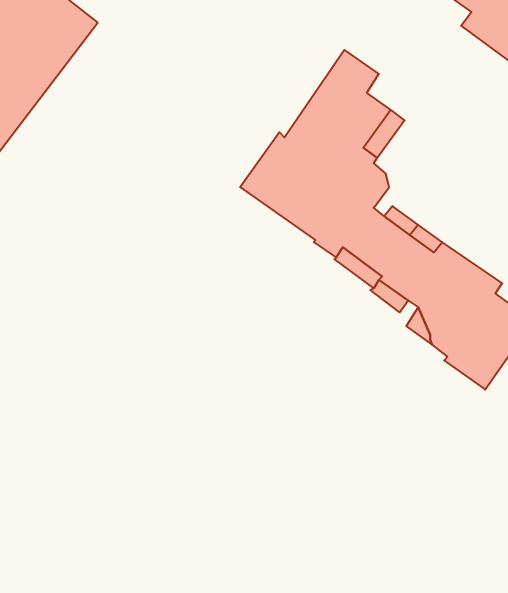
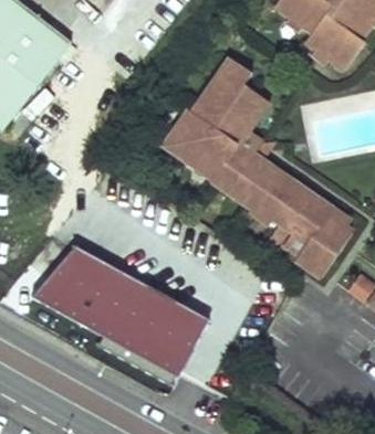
building: none -> [37,253,208,388]

